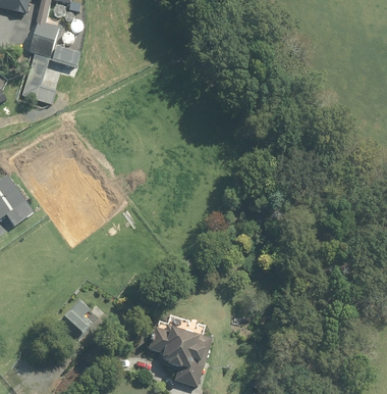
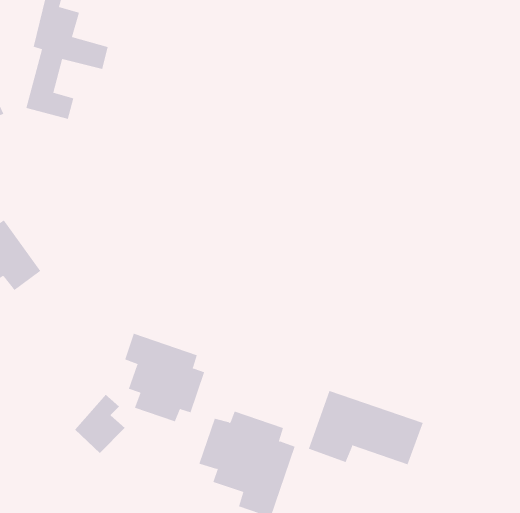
building: none -> [124,333,205,422]
building: none -> [308,390,423,465]

